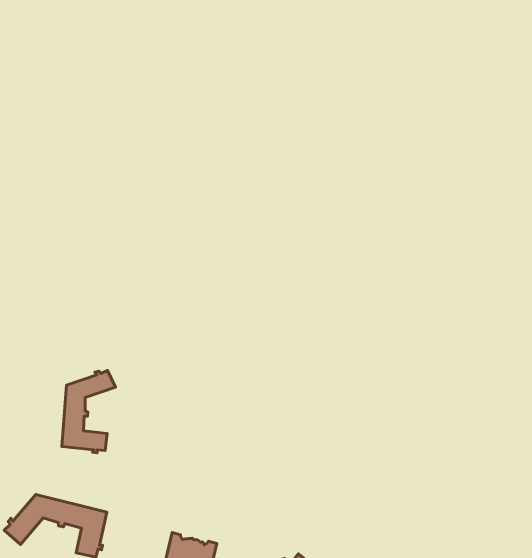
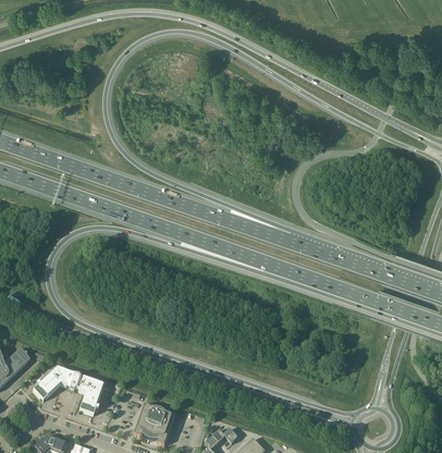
building: [62,370,116,453] -> none

